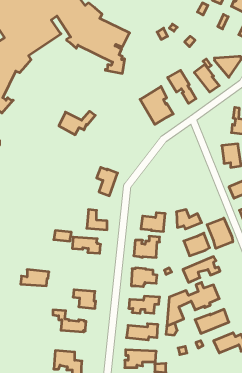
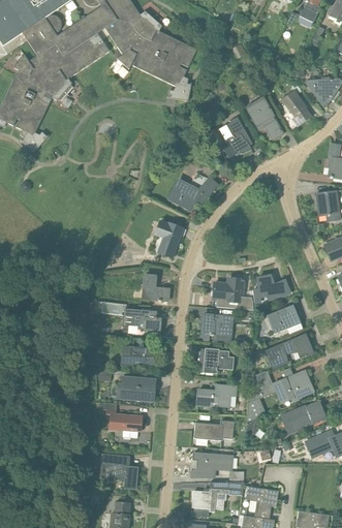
building: [59,111,95,135] -> [169,179,216,209]
building: [207,218,233,248] -> none
building: [21,270,49,286] -> [122,345,158,366]

